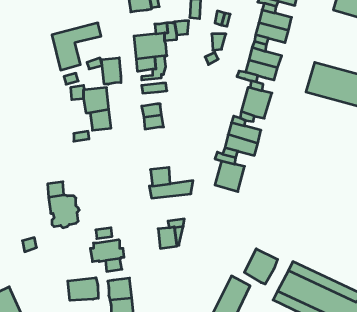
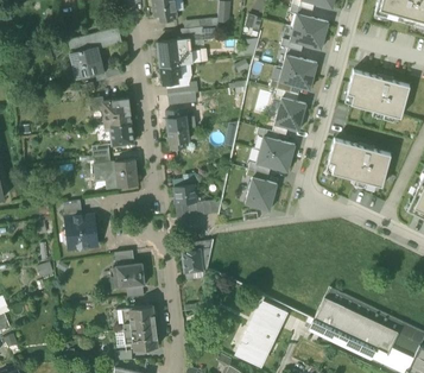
building: [102,58,121,84] -> none
building: none -> [329,139,391,185]
building: none -> [94,158,138,188]
building: [244,249,278,284] -> none
building: [68,278,98,300] -> none

